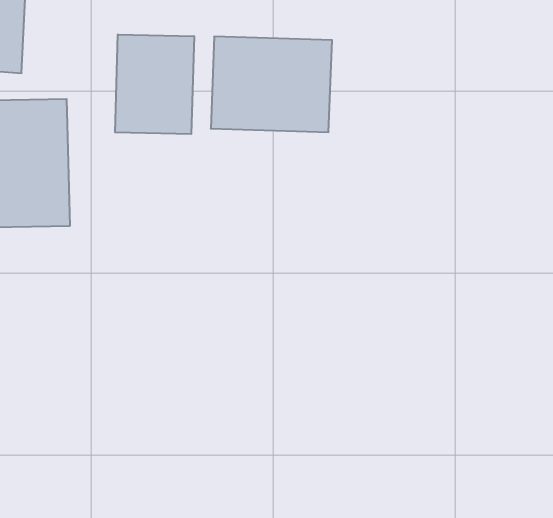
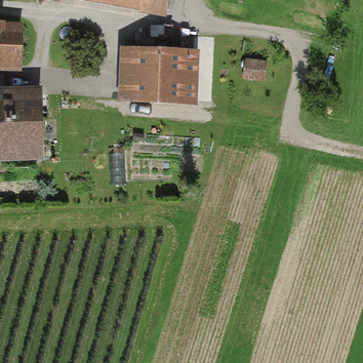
building: [115,34,194,134] -> none

